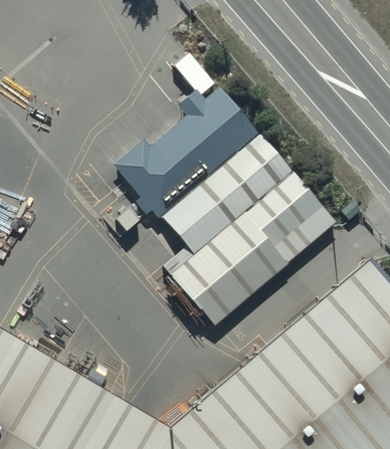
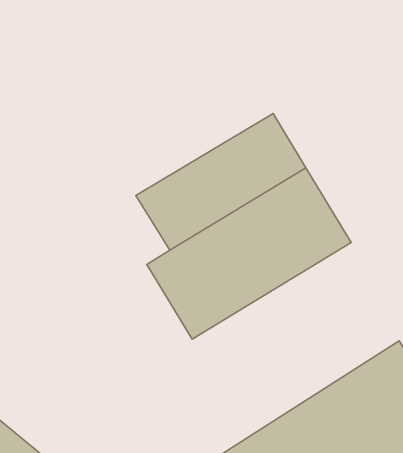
building: [112,73,245,198] -> none

